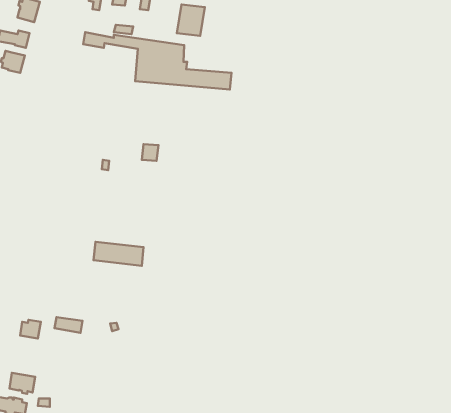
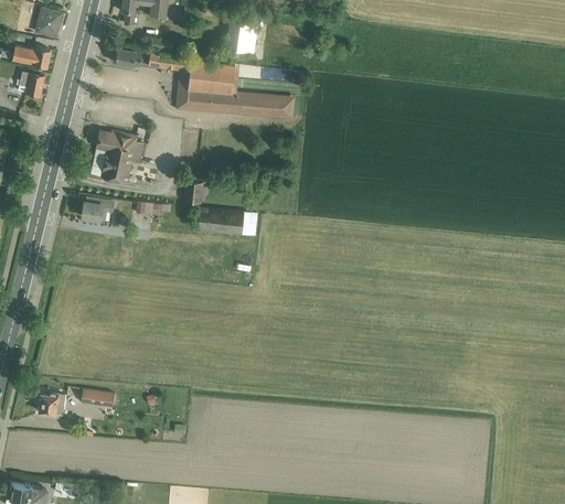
building: none -> [96,130,145,181]
building: none -> [82,197,113,221]
building: [94,242,144,266] -> [198,208,257,237]
building: [9,373,35,394] -> none

